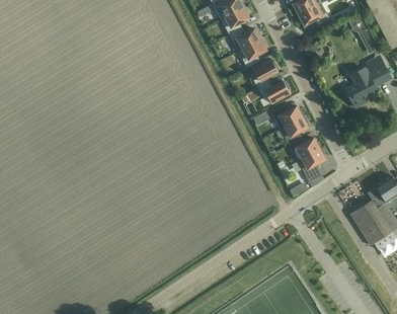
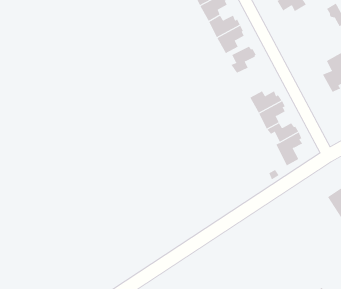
building: [258,82,290,103] -> none

